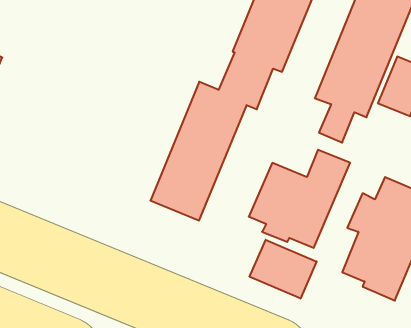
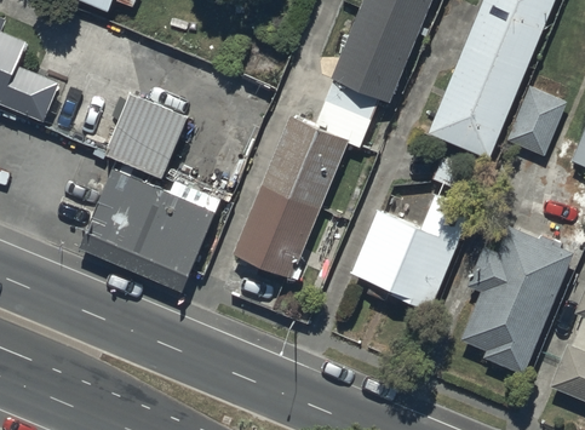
building: none -> [104,93,185,178]
building: none -> [76,167,212,287]
building: [250,240,317,299] -> none

